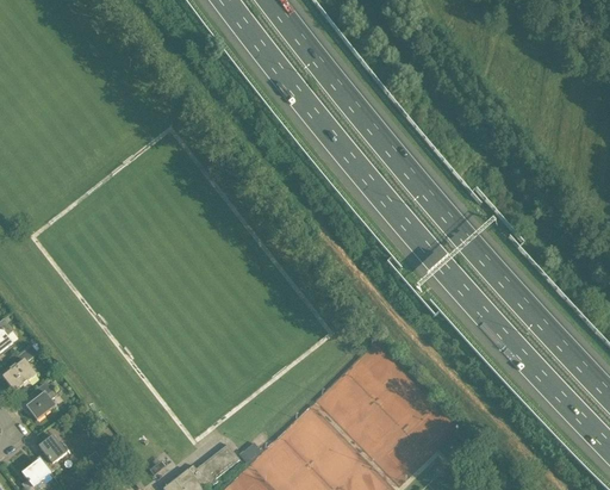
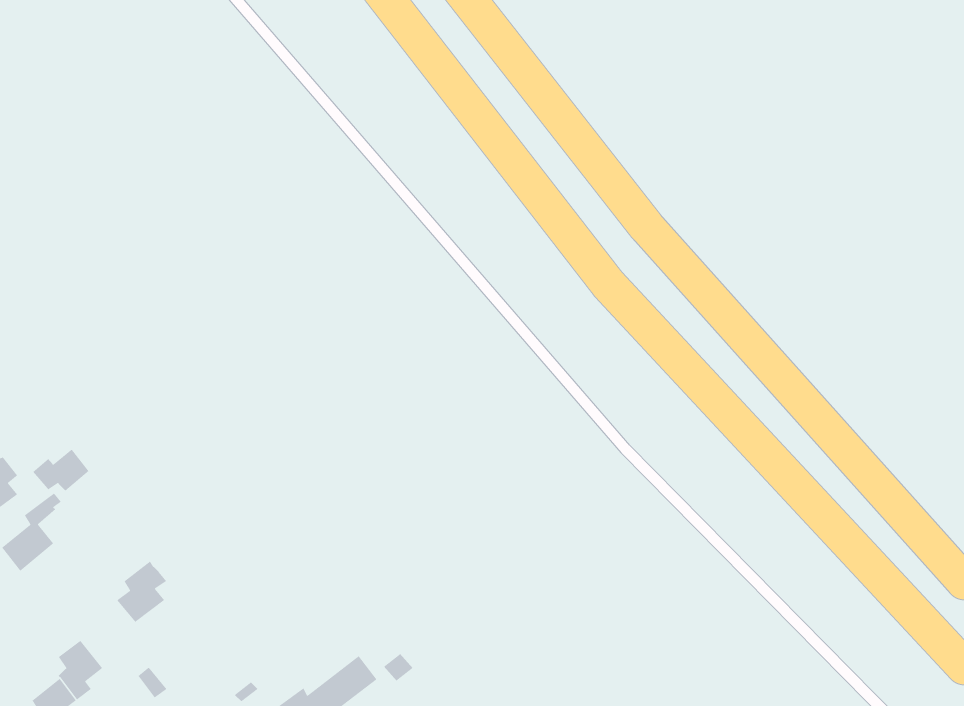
building: none -> [32,448,90,491]
building: [24,380,56,420] -> [116,560,167,623]

